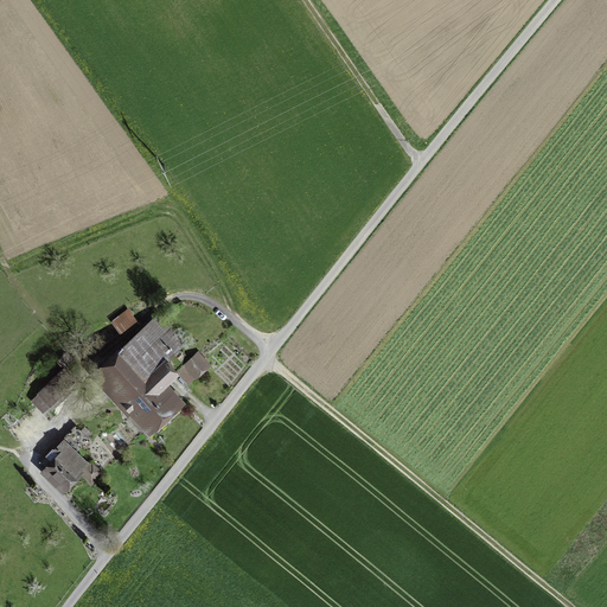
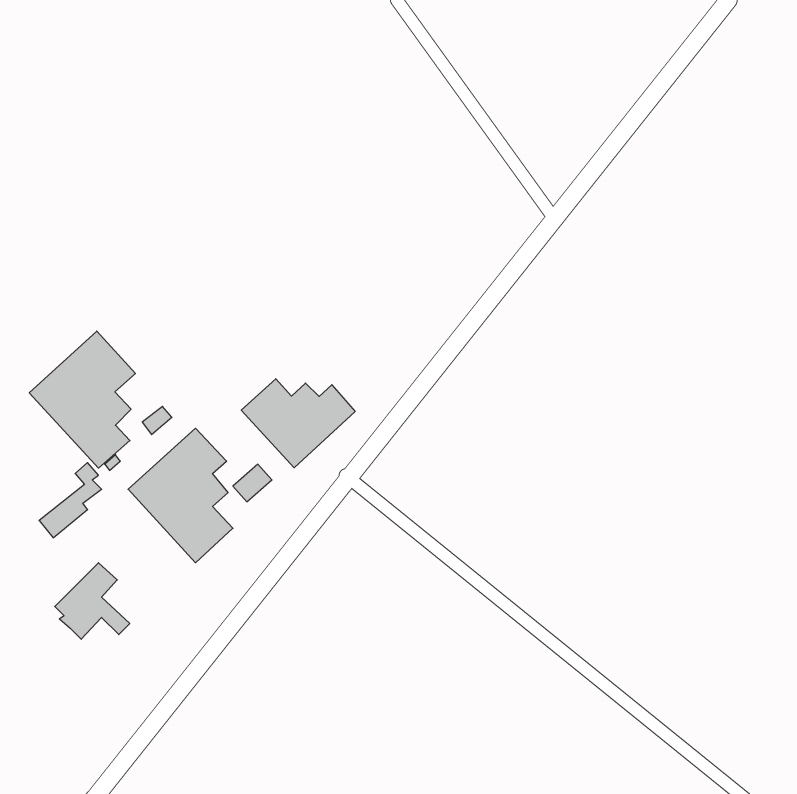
building: none -> [29,331,135,468]
building: none -> [241,379,355,468]

